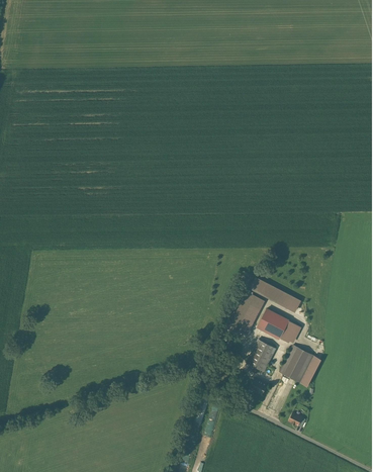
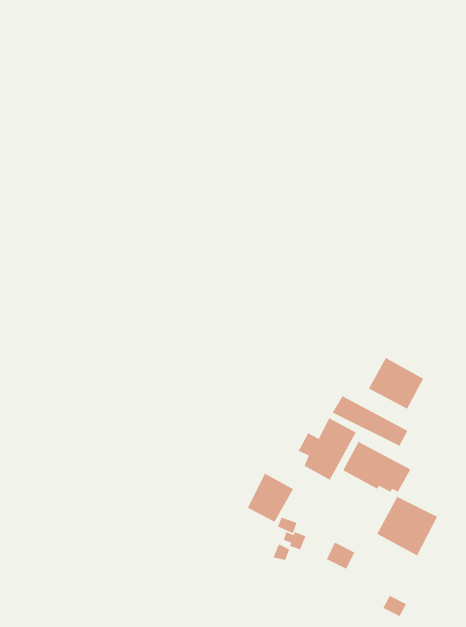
building: none -> [368,357,424,410]
building: [245,339,277,373] -> [247,473,294,523]

